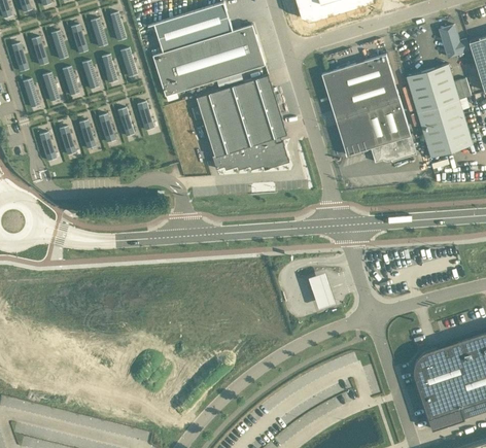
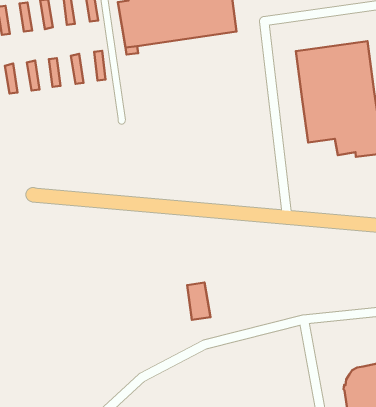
building: [198,74,289,170] -> none
building: [311,277,337,313] -> [187,282,210,320]

